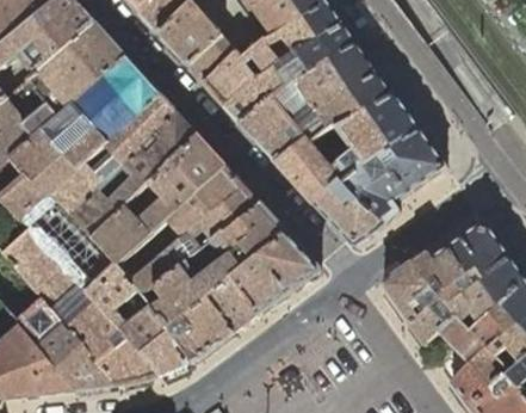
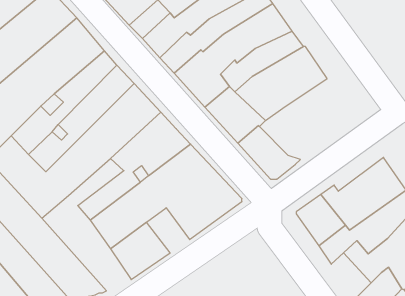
building: [339,129,445,223] -> none
building: [86,265,190,376] -> none
building: [208,279,258,332] -> none

